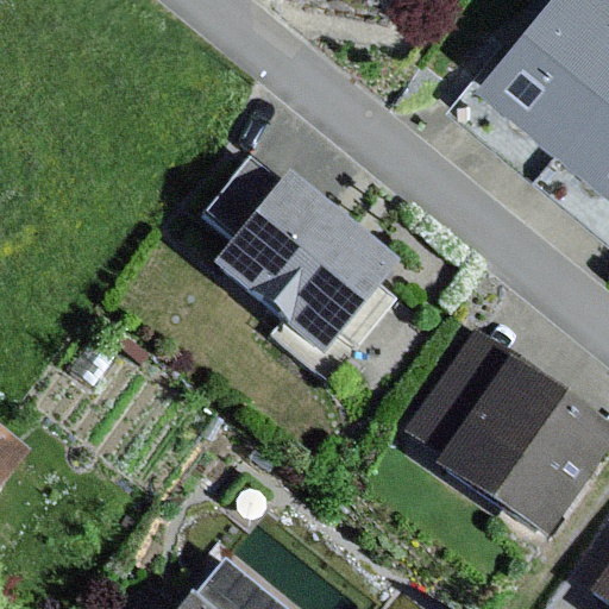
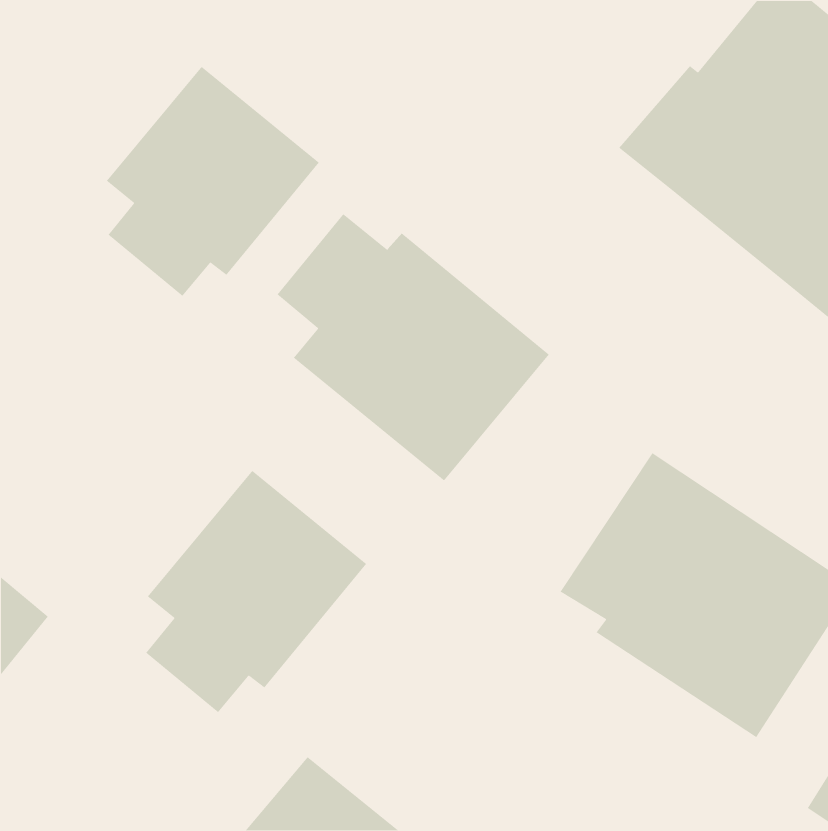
building: none -> [106,66,320,297]
building: none -> [145,470,367,713]

